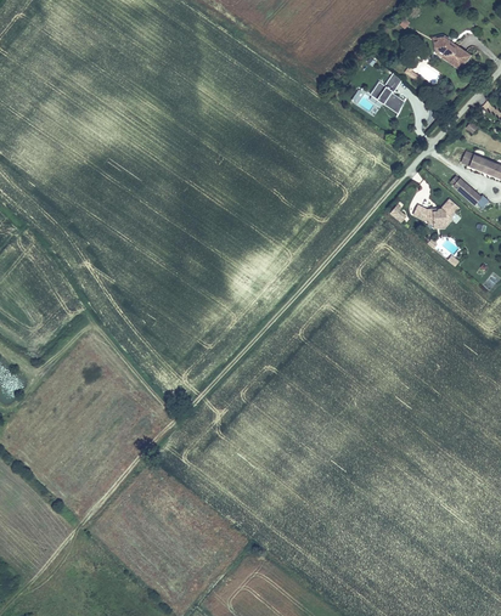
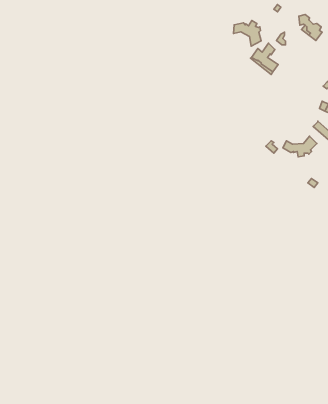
building: none -> [233,21,261,46]

